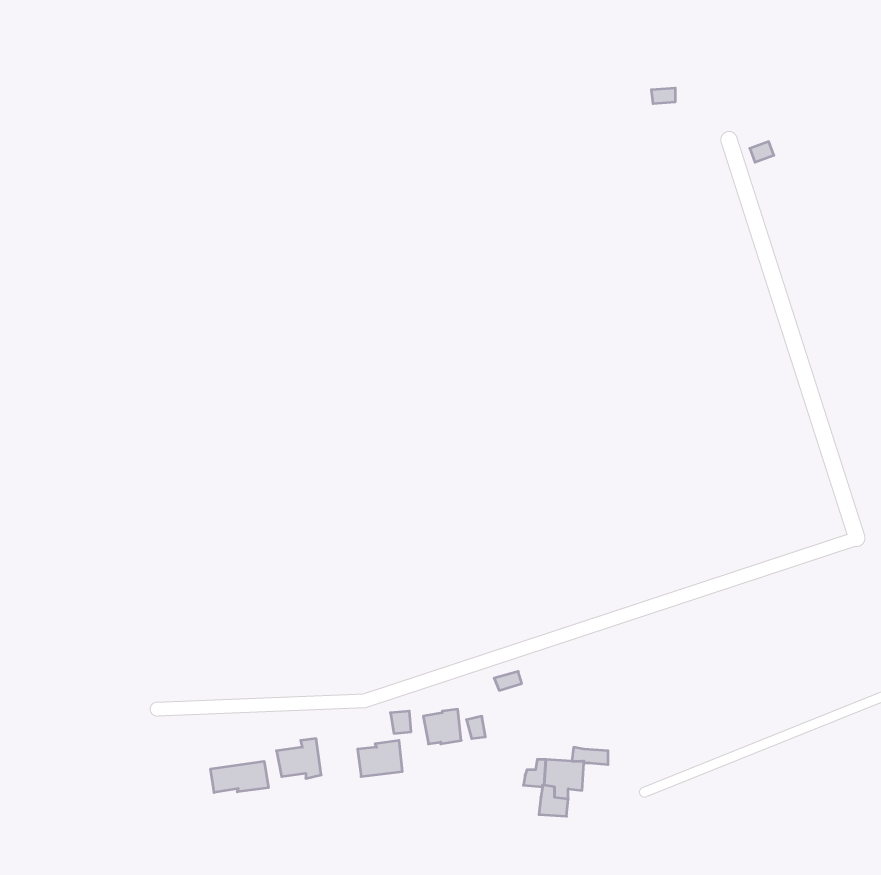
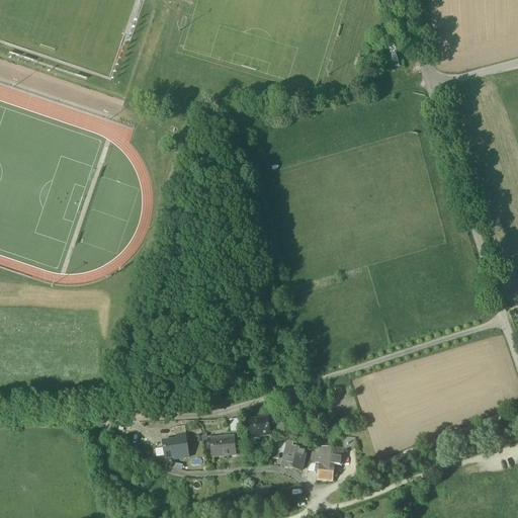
building: none -> [281,440,306,468]
building: [211,761,268,793] -> none

